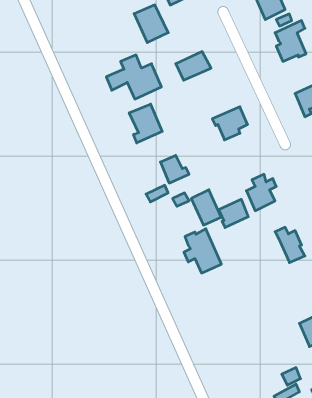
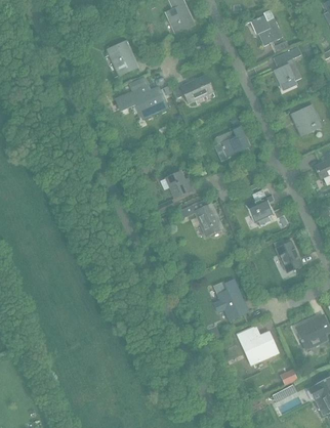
building: [134,5,168,43] -> [107,41,138,76]
building: [129,104,162,143] -> none
building: [219,199,248,228] -> none
building: [184,229,221,273] -> [213,280,248,320]
building: none -> [243,326,278,360]

